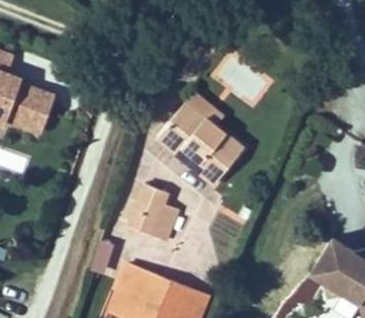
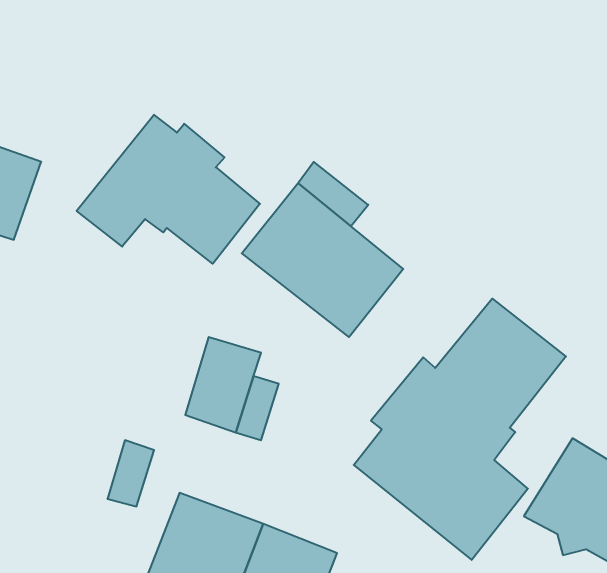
building: none -> [77,115,260,264]
building: none -> [354,299,566,560]

